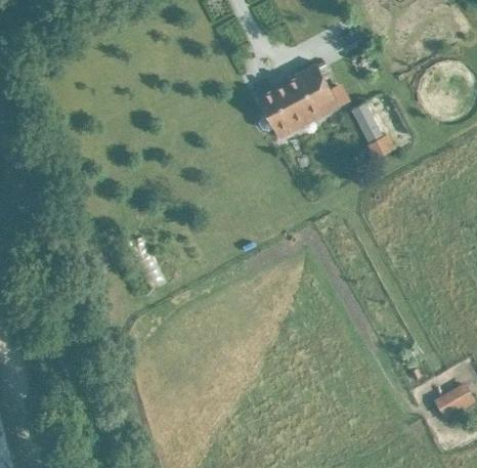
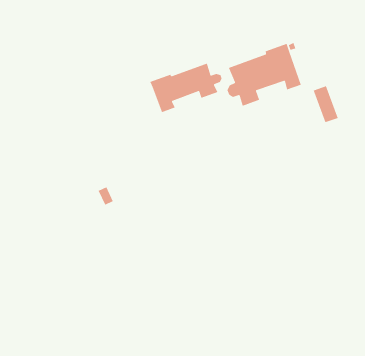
building: none -> [149,63,222,113]

